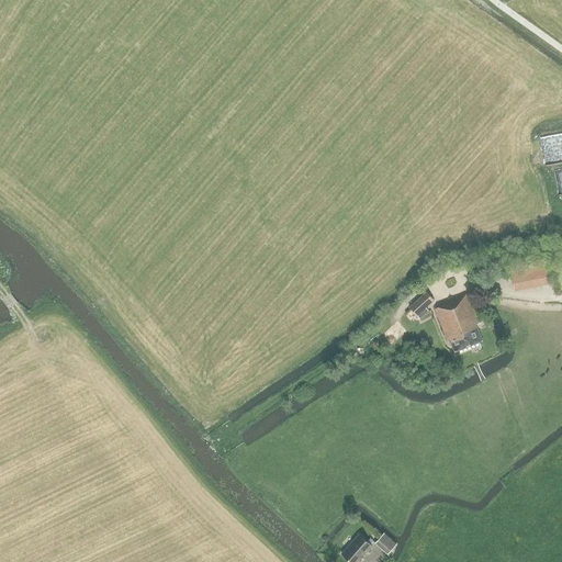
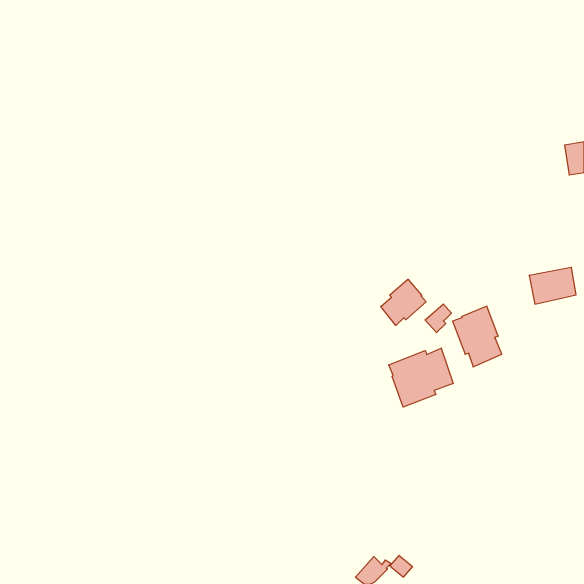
building: none -> [381,279,426,325]
building: none -> [389,348,453,407]

